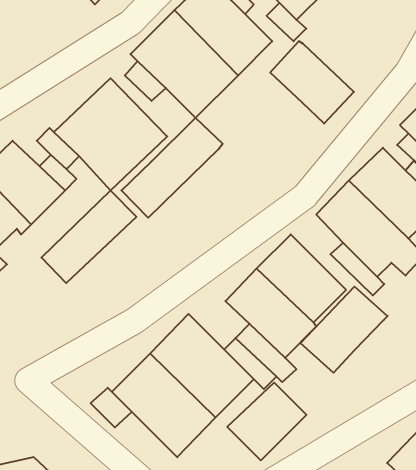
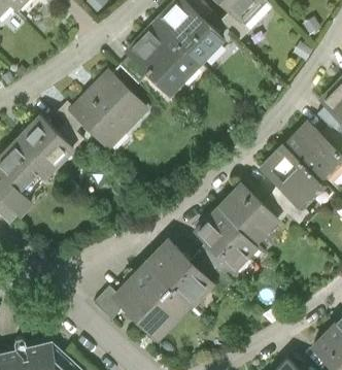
building: [270,41,354,124] -> none
building: [121,118,223,218] -> none
building: [41,190,136,283] -> none
building: [300,287,388,373] -> none
building: [227,383,306,460] -> none

